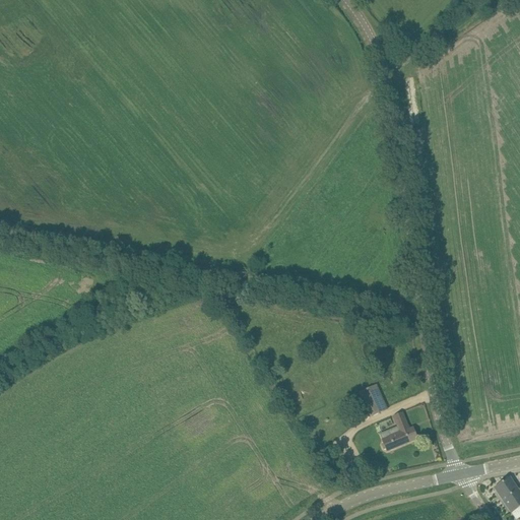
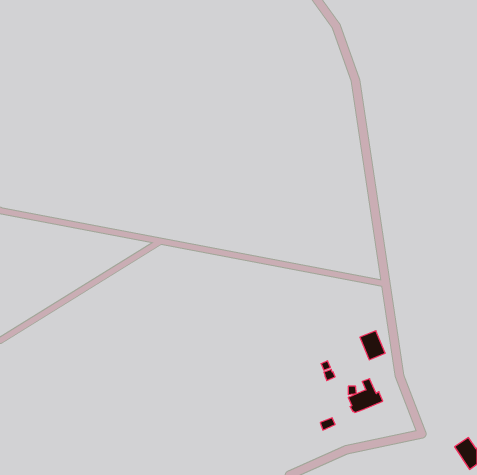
building: [360,383,387,414] -> [360,331,385,360]

